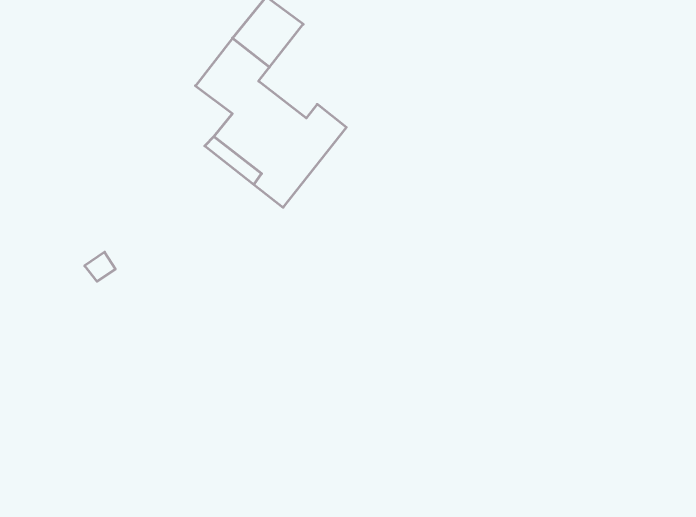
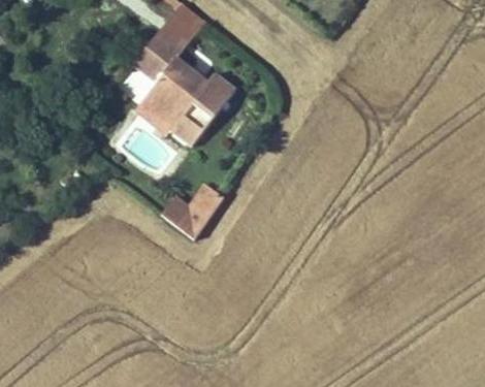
building: none -> [157,178,220,235]

